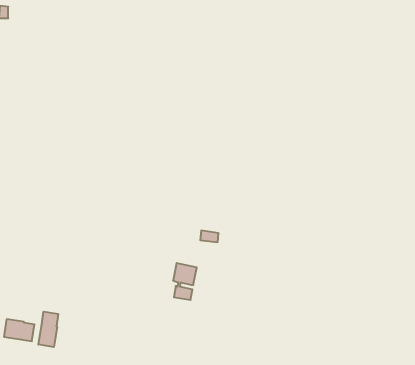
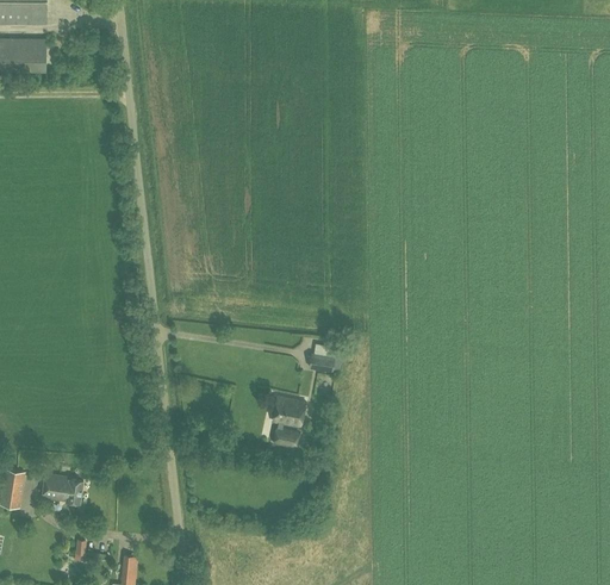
building: [38,312,58,347] -> none

